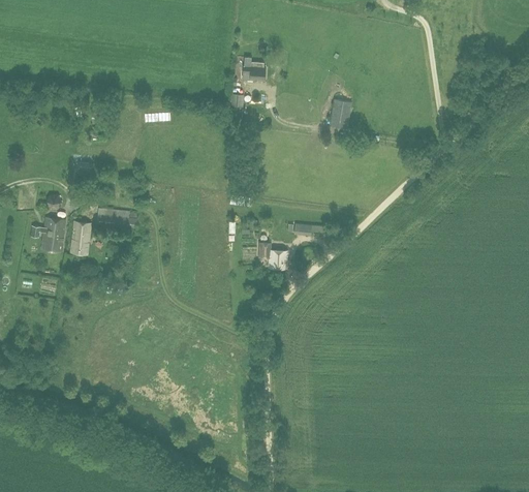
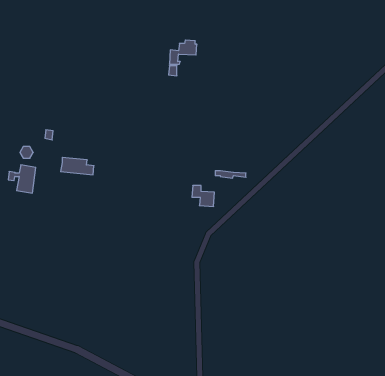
building: [329,99,350,129] -> none
building: [69,221,90,255] -> none

